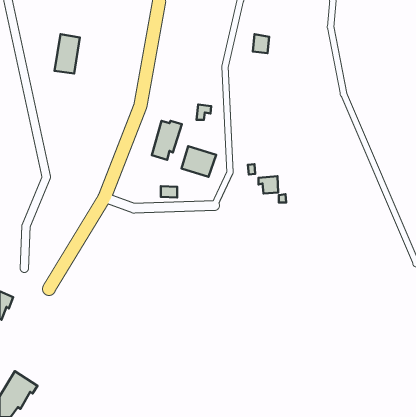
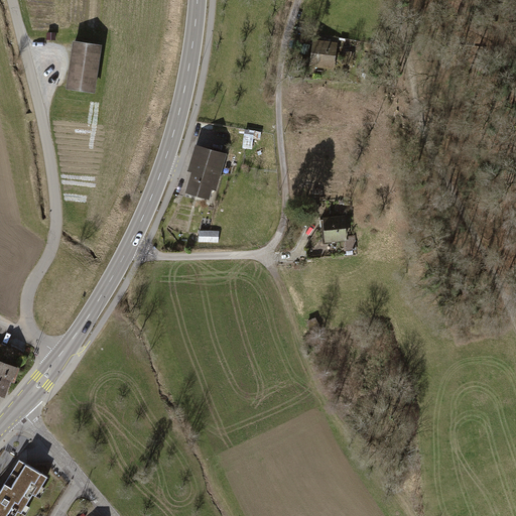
building: [181,146,216,177] -> none

